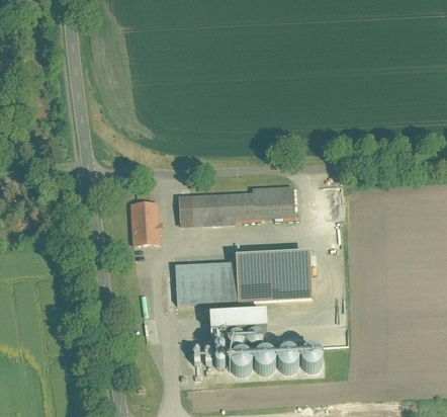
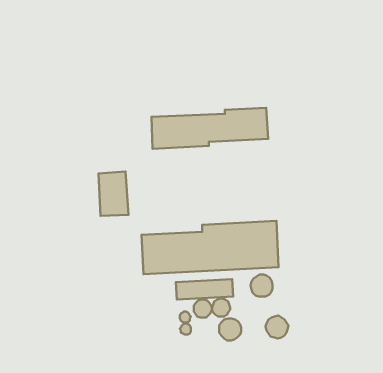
building: [178,185,295,227] -> [151,108,268,149]
building: [275,346,297,368] -> [250,274,273,297]
building: [229,349,251,371] -> none

